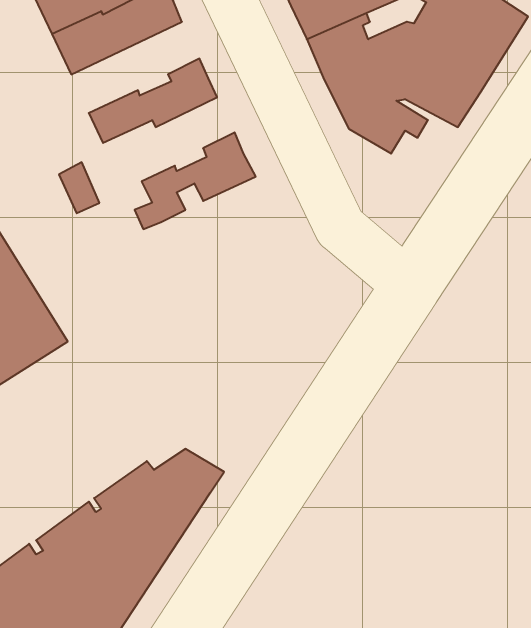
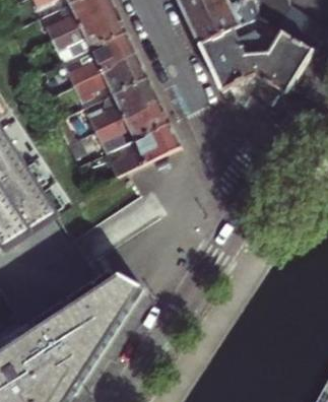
building: none -> [61,30,135,83]
building: none -> [85,74,155,128]
building: none -> [113,120,179,170]

